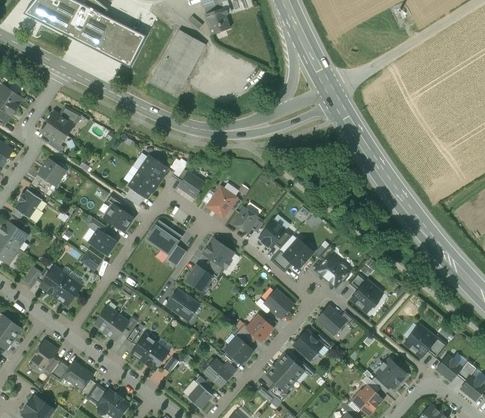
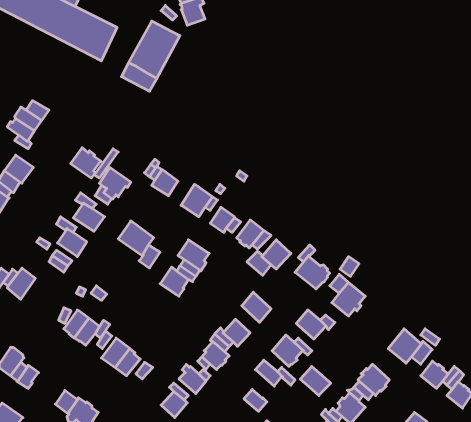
building: [138,155,167,184] -> [71,148,101,178]
building: [53,276,80,306] -> none
building: [167,290,198,320] -> none
building: [63,362,92,389] -> none
building: [266,363,295,391] -> [300,366,331,396]

